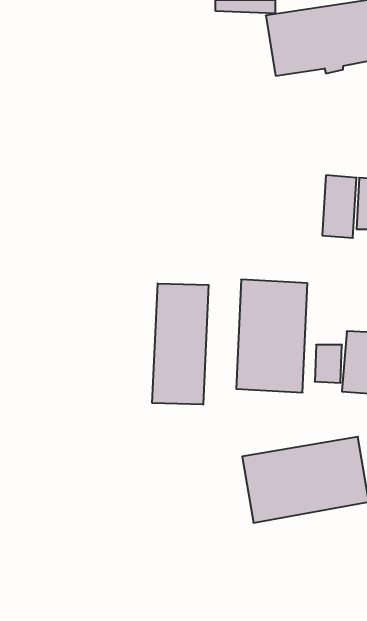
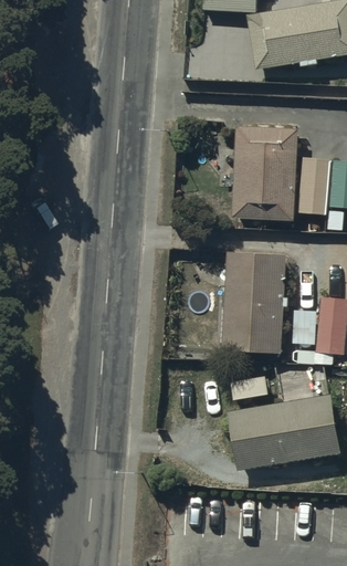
building: none -> [232,126,299,220]
building: [152,283,209,405] -> none

